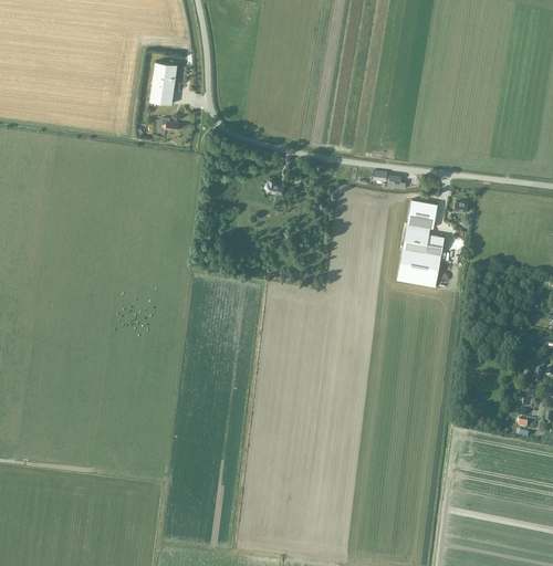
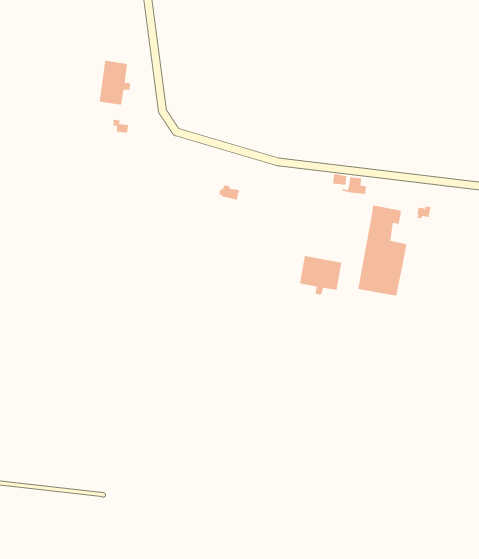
building: none -> [300,255,342,295]

